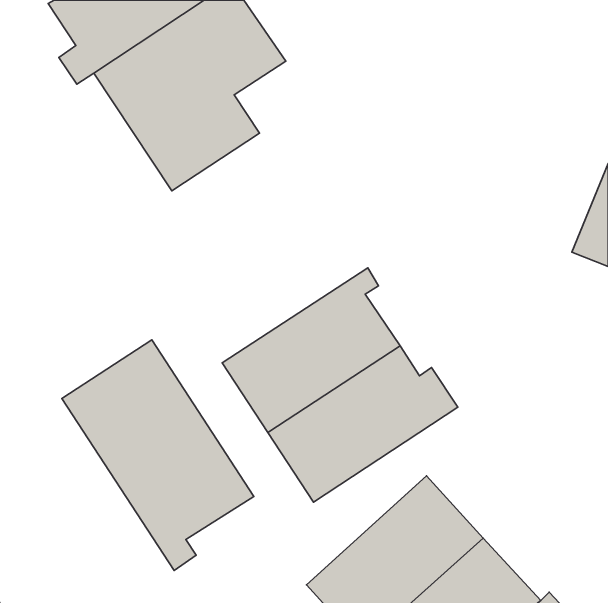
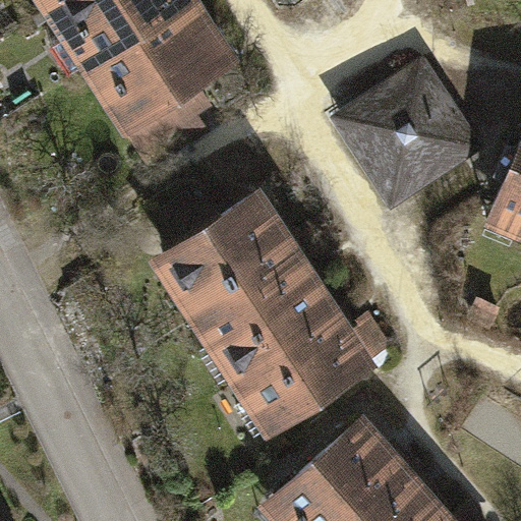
building: none -> [327,61,482,215]
building: none -> [150,185,311,316]
building: [62,340,254,571] -> none

